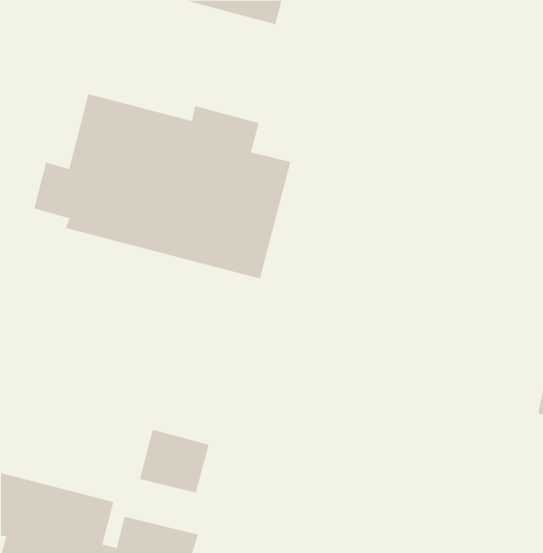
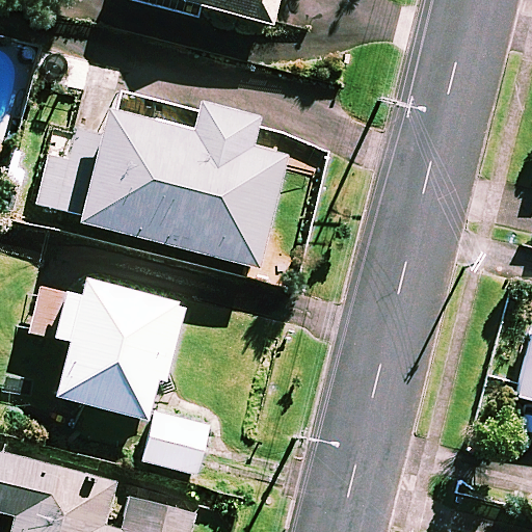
building: none -> [34,271,186,420]

